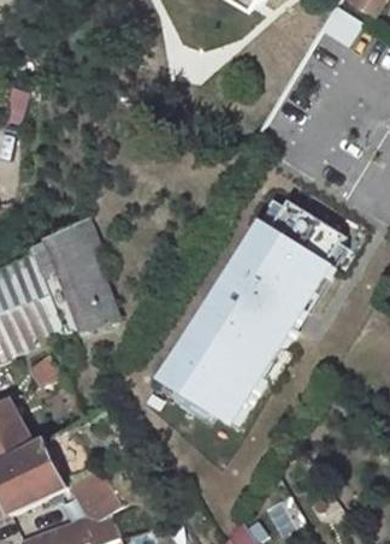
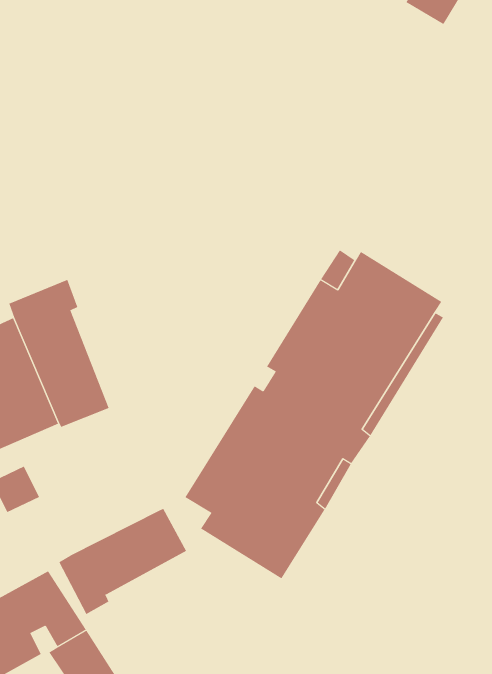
building: none -> [58,508,187,615]

